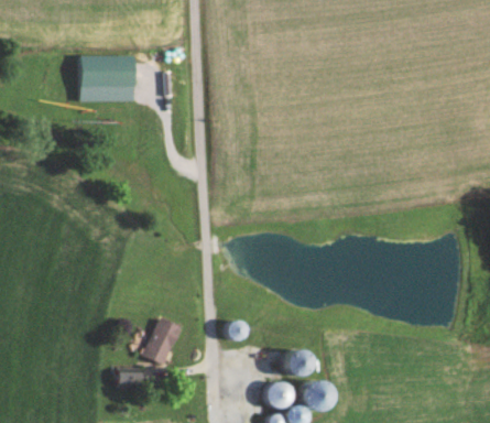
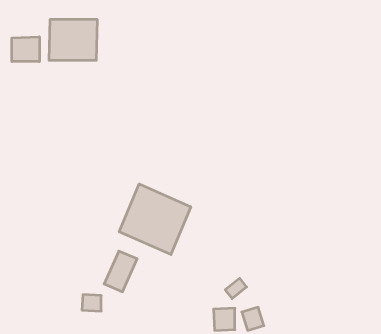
building: none -> [12,37,39,62]
building: none -> [119,184,191,255]

